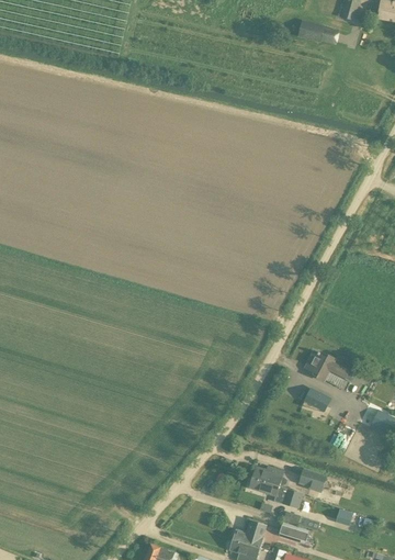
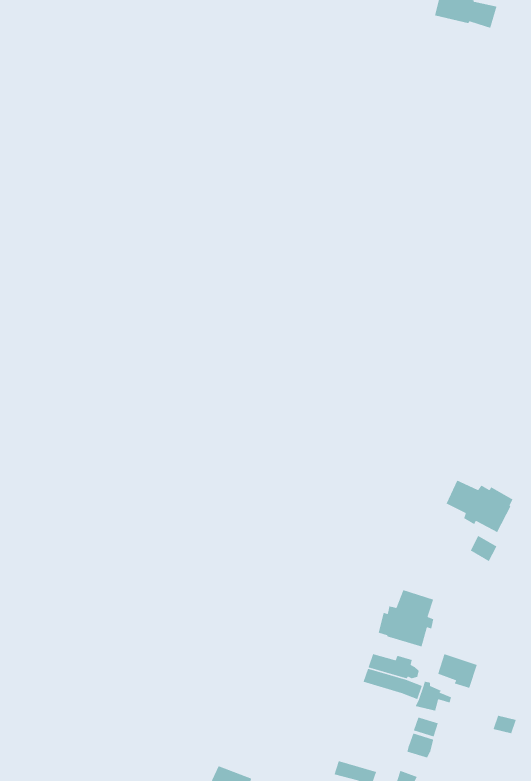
building: none -> [378,589,434,647]
building: [233,520,266,549] -> none

